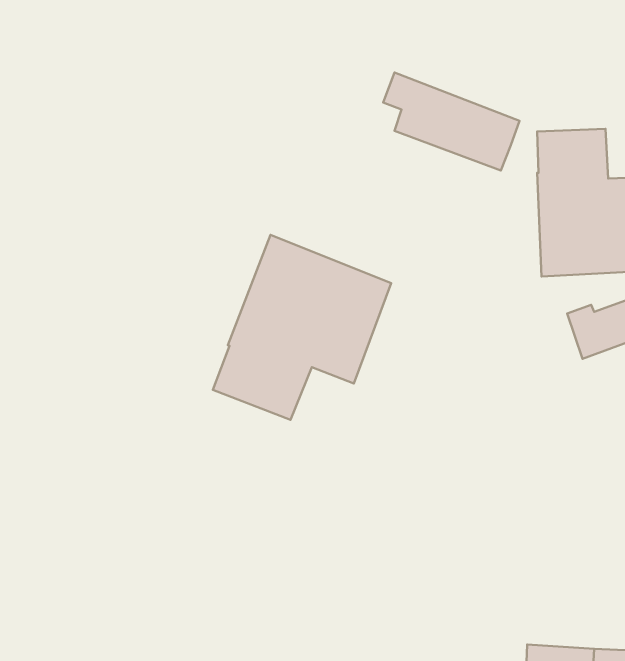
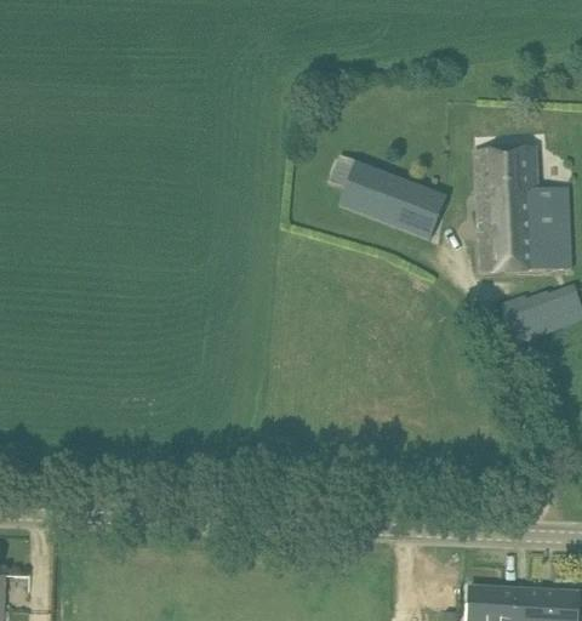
building: [383,73,519,171] -> [330,154,446,238]
building: [213,235,391,420] -> none

